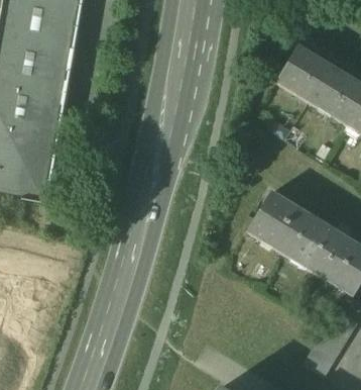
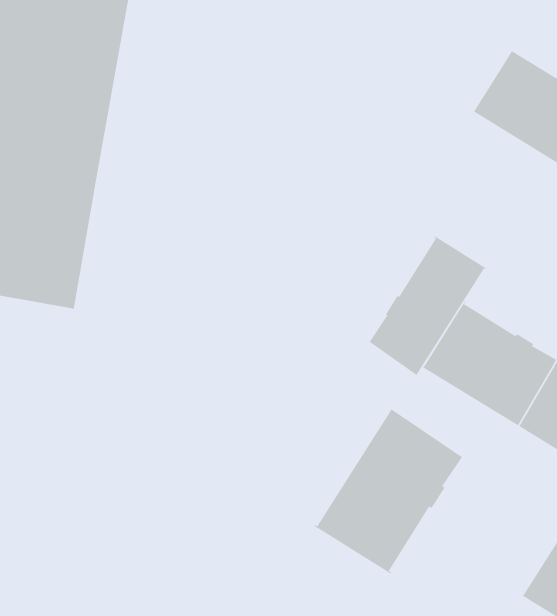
building: none -> [369,235,488,376]
building: none -> [313,409,463,575]

